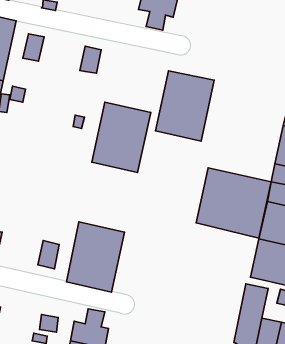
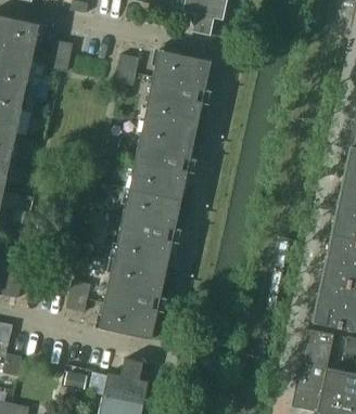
building: [155,71,214,141] -> [143,50,212,131]
building: none -> [113,189,181,270]
building: [196,168,271,238] -> none

